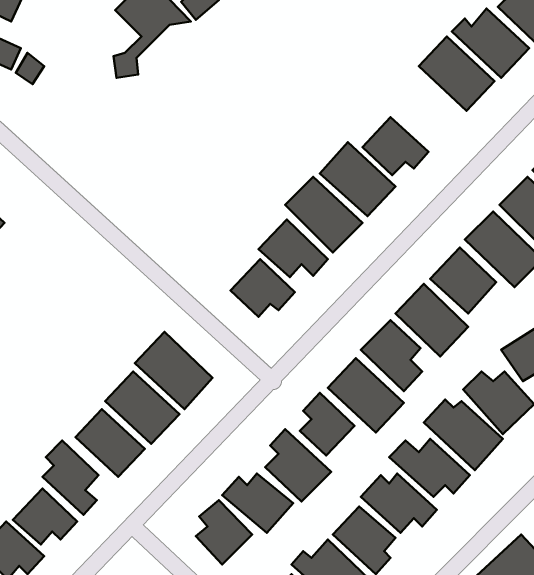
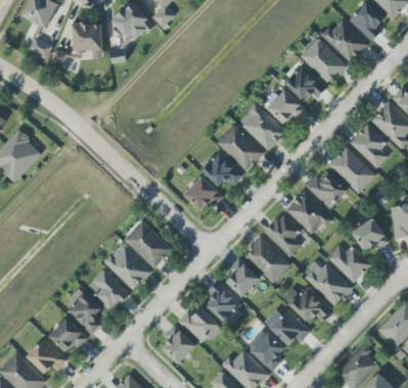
building: none -> [73,23,102,59]
building: none -> [284,64,326,102]

